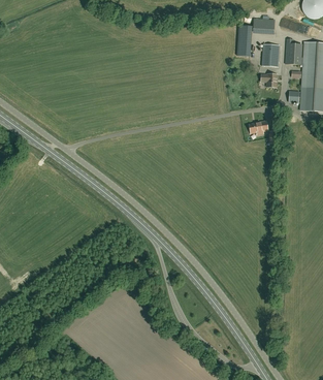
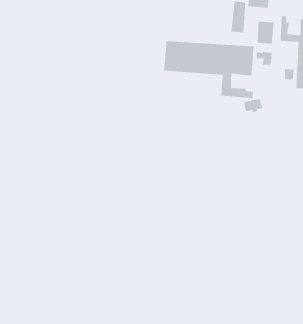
building: none -> [164,40,254,99]

